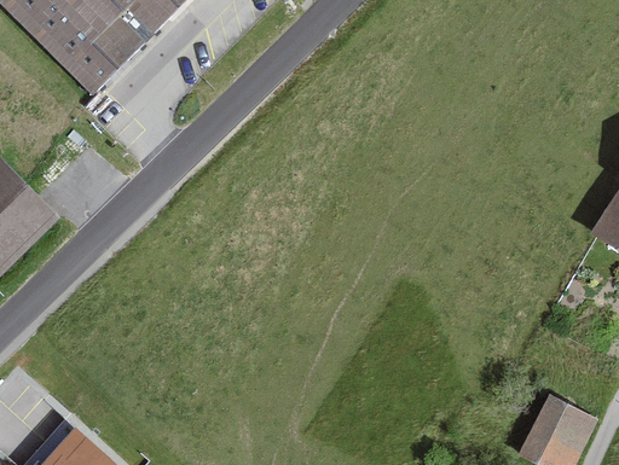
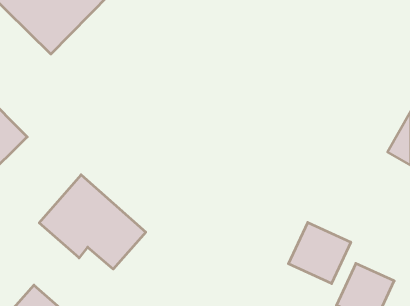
building: none -> [39,175,146,269]
building: none -> [288,222,351,284]

